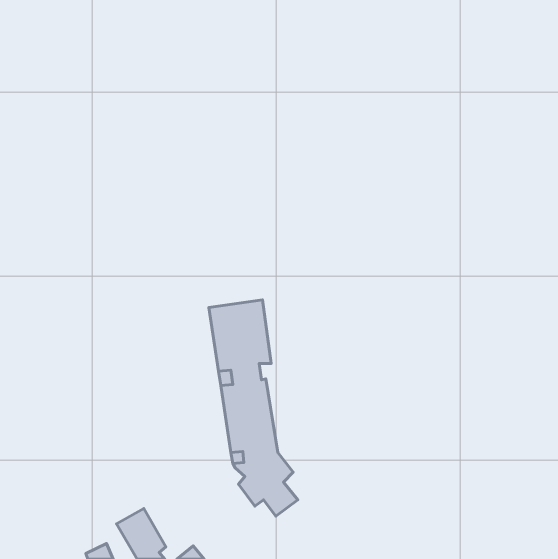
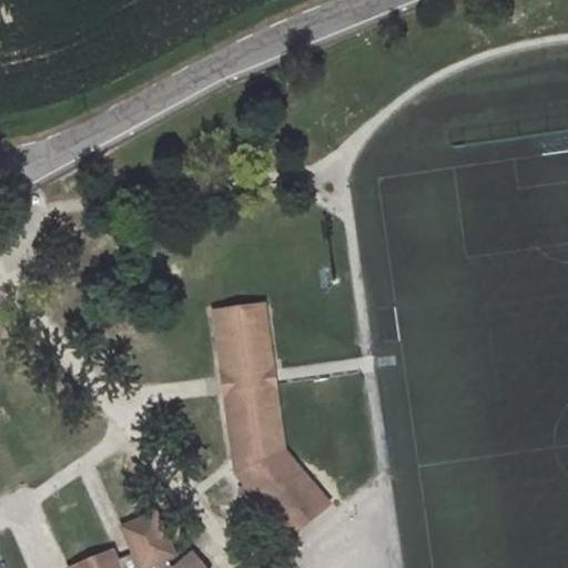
building: none -> [262,367,328,536]

